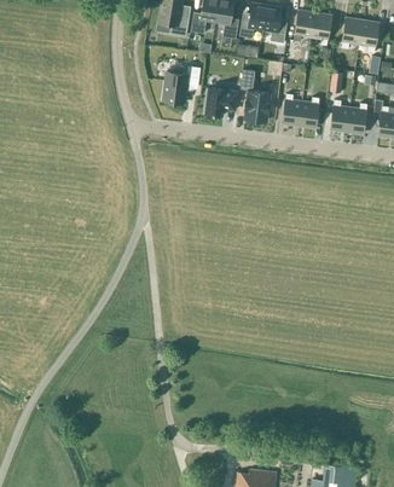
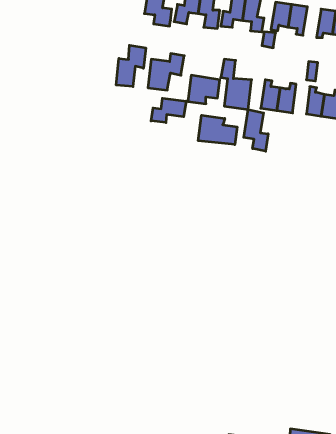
building: none -> [116,45,146,87]
building: none -> [151,98,186,123]
building: none -> [244,109,268,151]
building: none -> [198,115,237,145]

